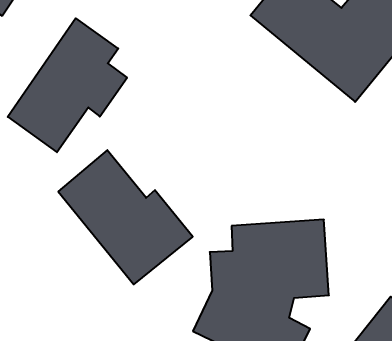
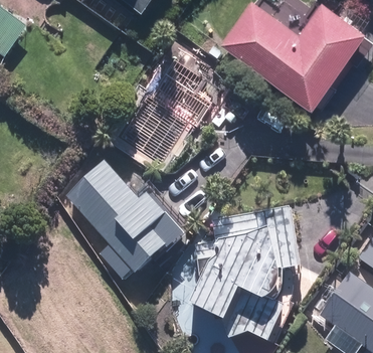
building: [8,18,127,152] -> [120,53,218,167]

